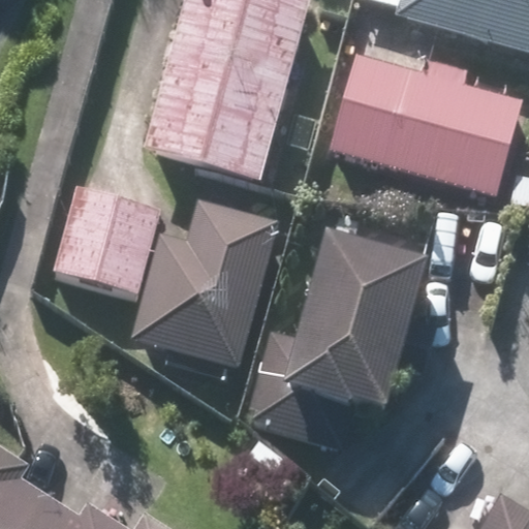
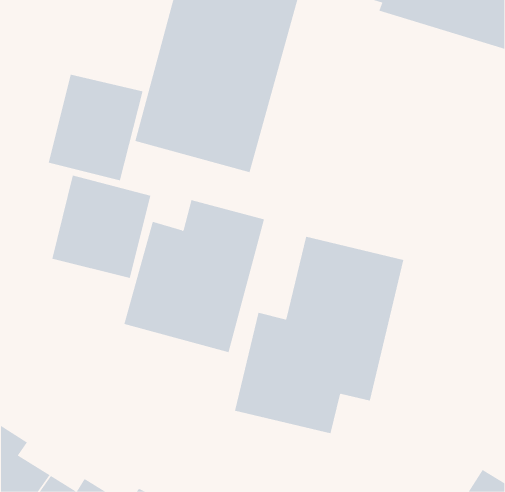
building: [333,57,518,197] -> none
building: none -> [48,74,143,181]

